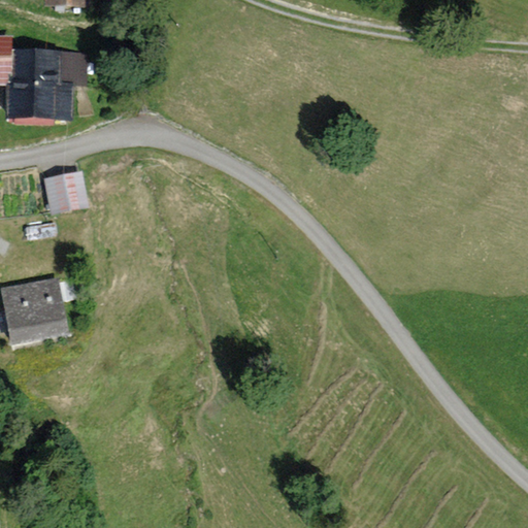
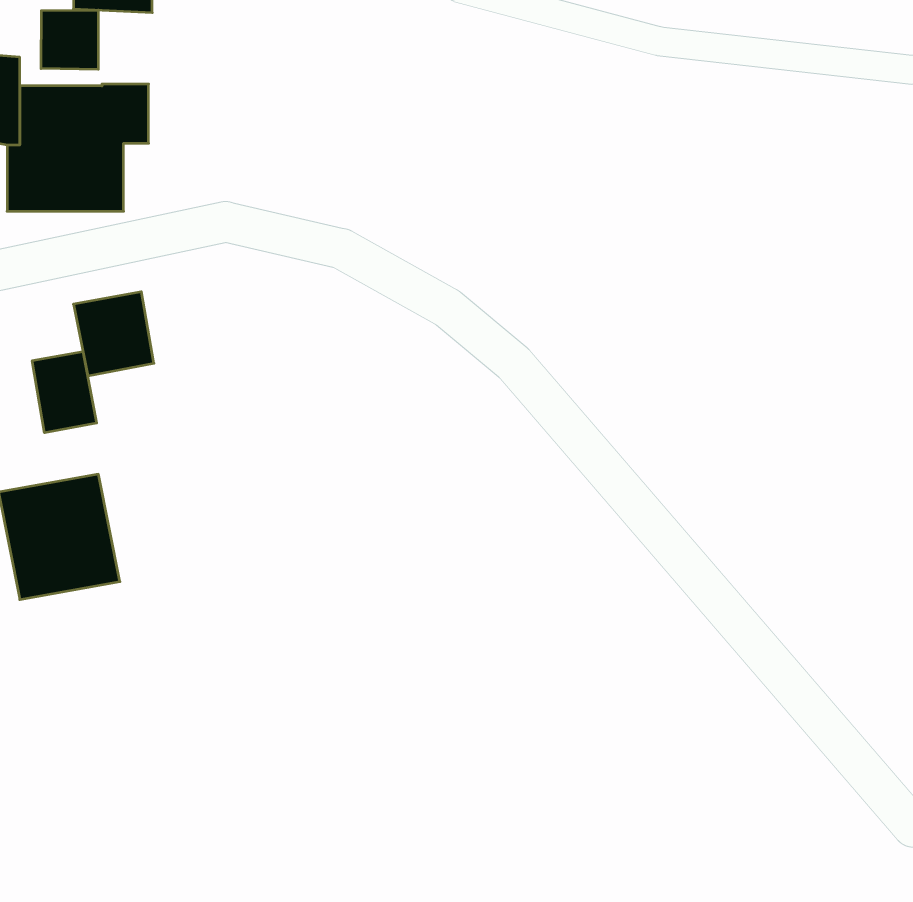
building: none -> [41,10,98,69]
building: none -> [32,352,97,433]

